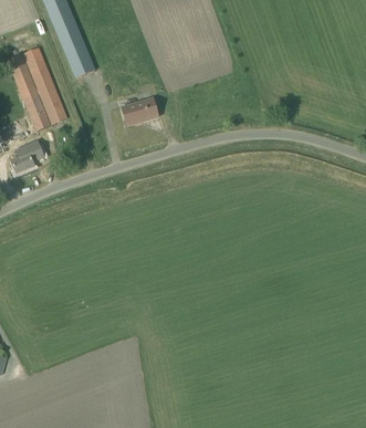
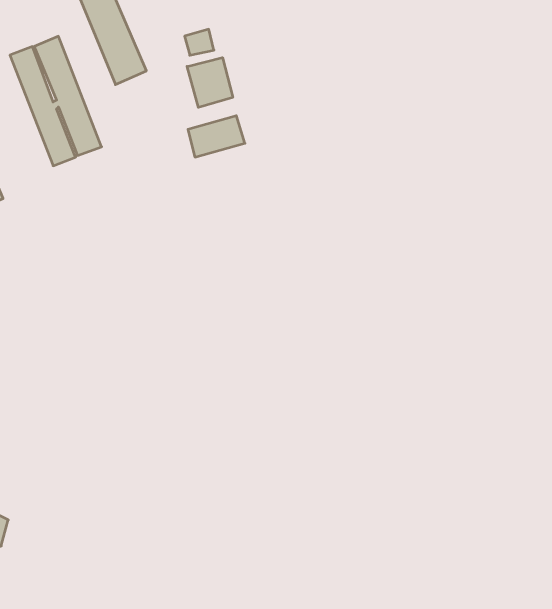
building: none -> [187,58,233,107]
building: [11,140,43,173] -> none

